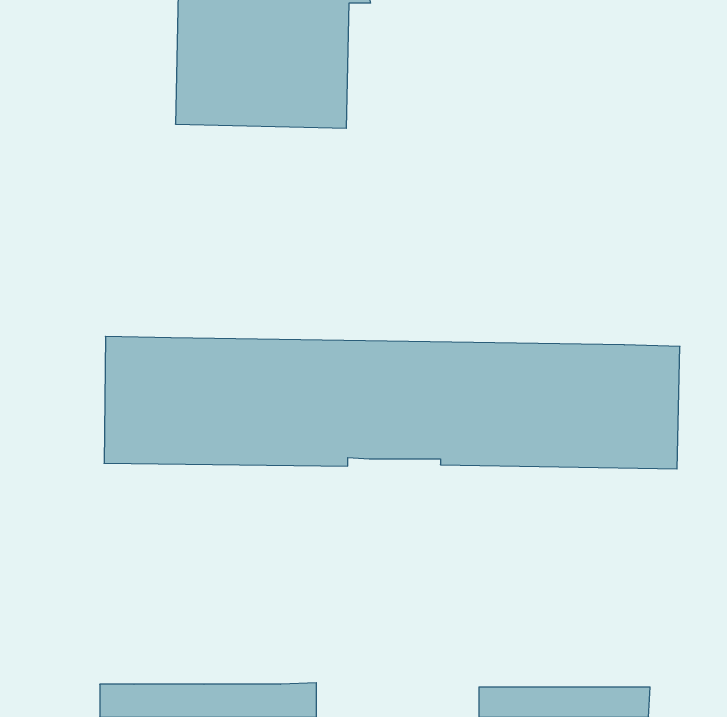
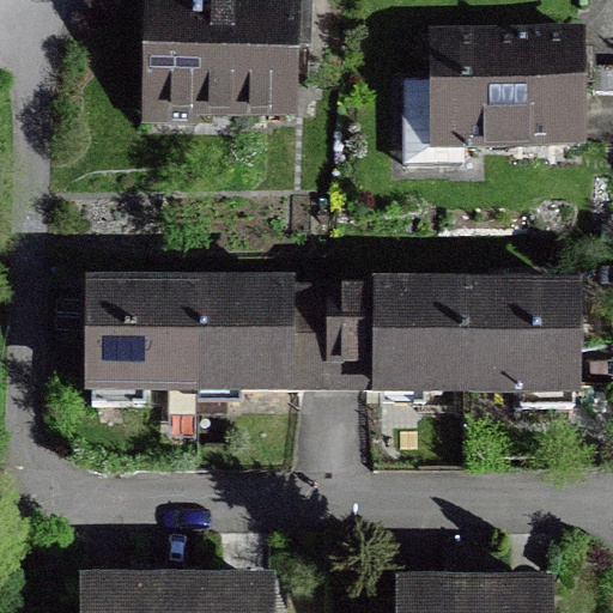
building: none -> [438,30,577,135]

